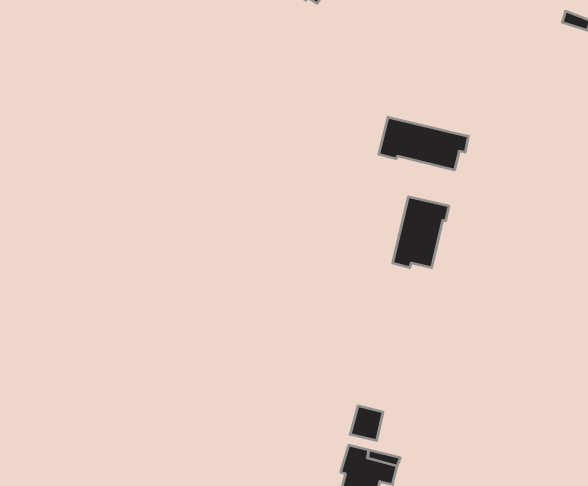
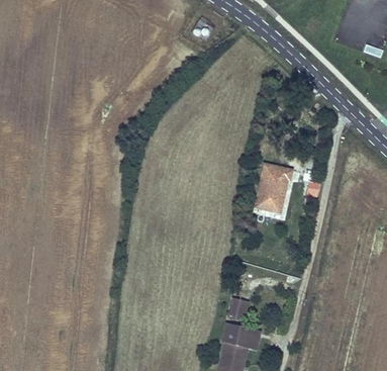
building: [379,117,468,170] -> none

